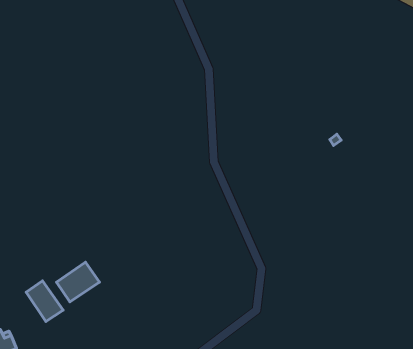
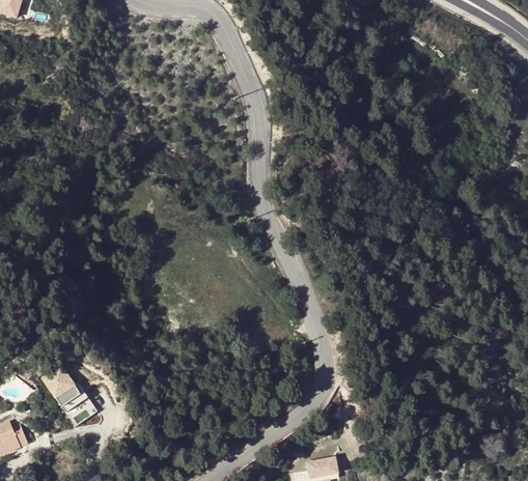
building: [57,262,100,302] -> none

